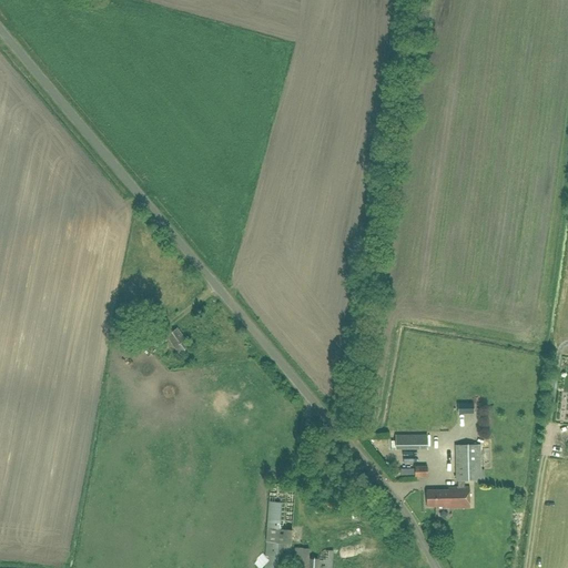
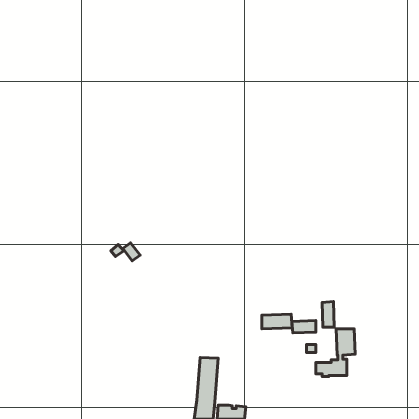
building: none -> [322,302,334,327]
building: none -> [262,314,292,329]

